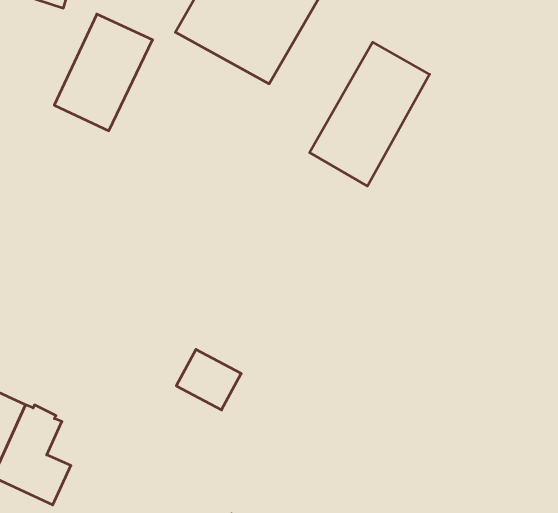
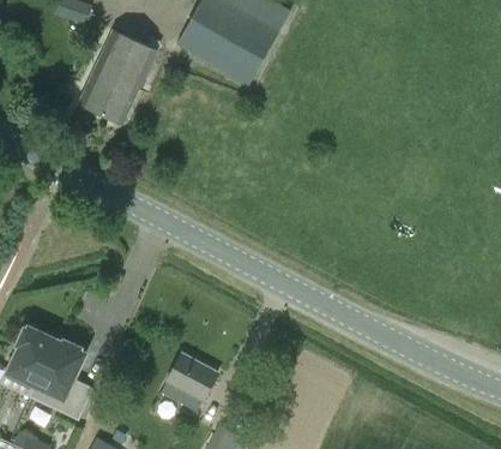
building: [310,42,430,186] -> none
building: [176,349,241,410] -> [167,353,218,401]

